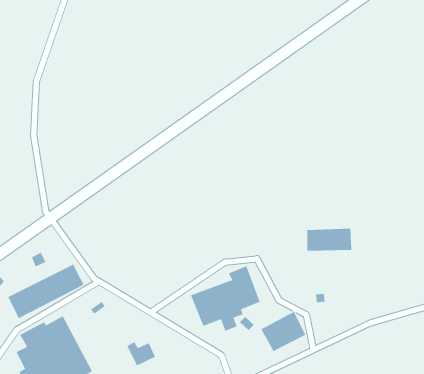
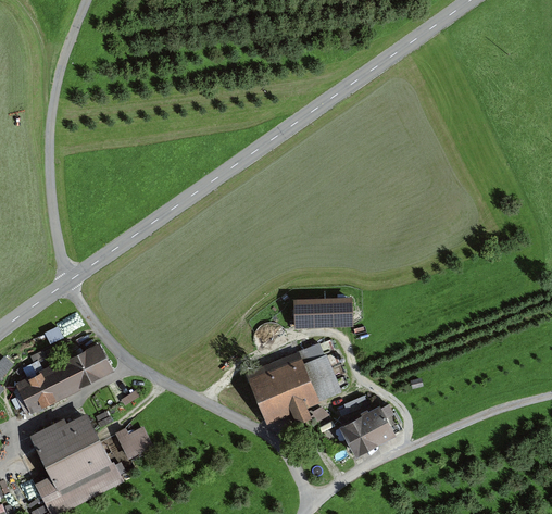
building: [306,228,352,251] -> [291,299,350,328]
building: [126,342,156,366] -> [113,426,151,457]

